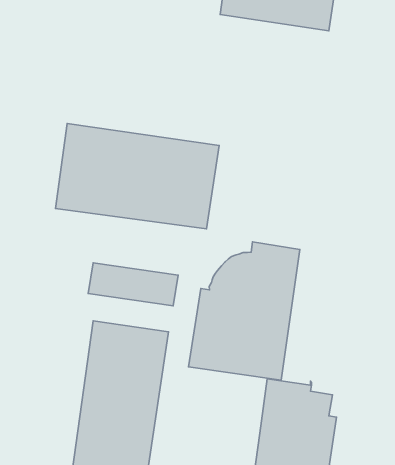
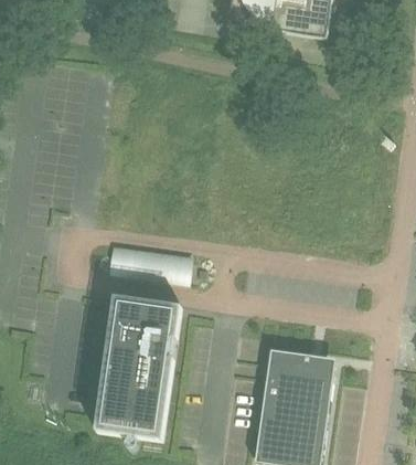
building: [55,123,219,229] -> none
building: [188,242,300,380] -> none

